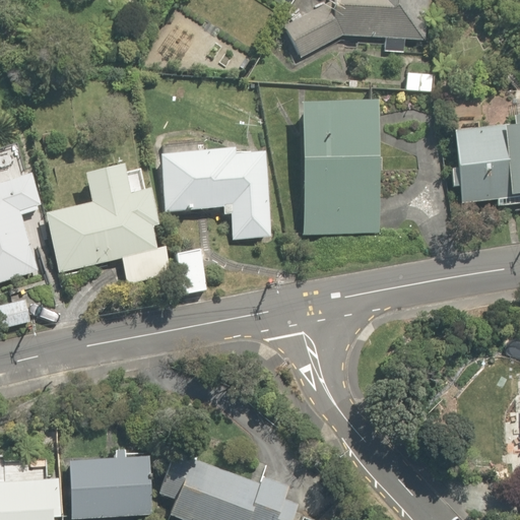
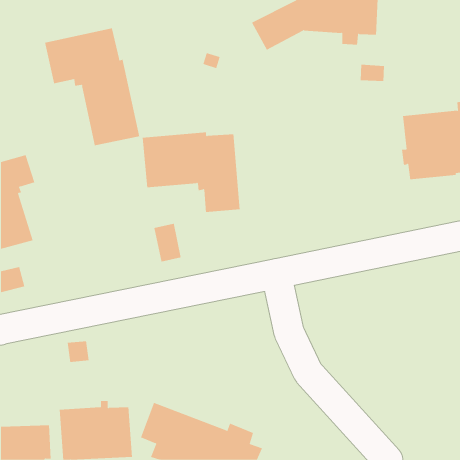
building: none -> [44,27,140,146]
building: [300,101,381,234] -> none
building: [48,166,171,283] -> none

